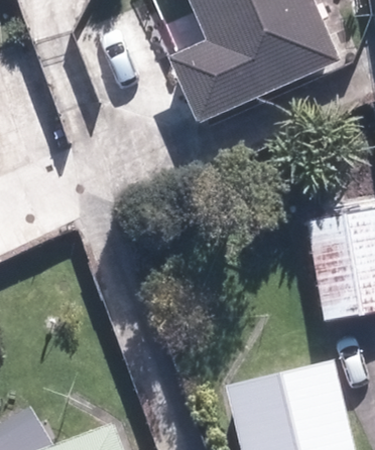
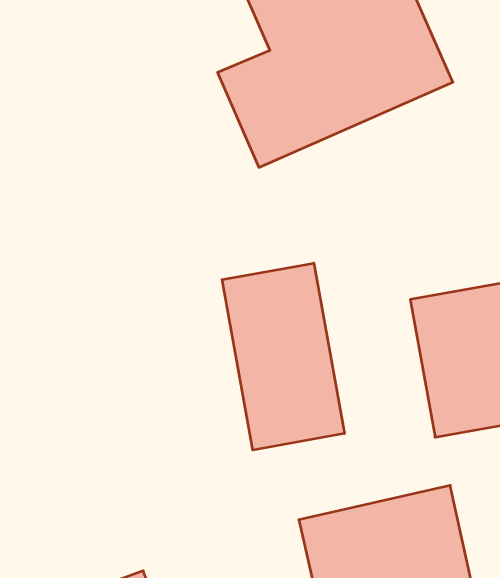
building: none -> [222,263,344,450]

